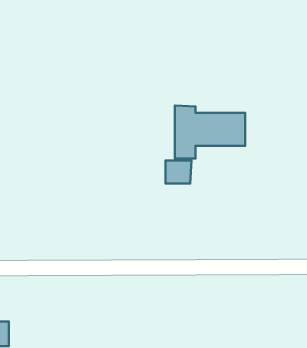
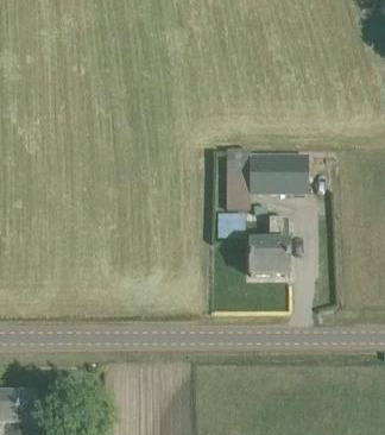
building: none -> [251,216,289,272]

